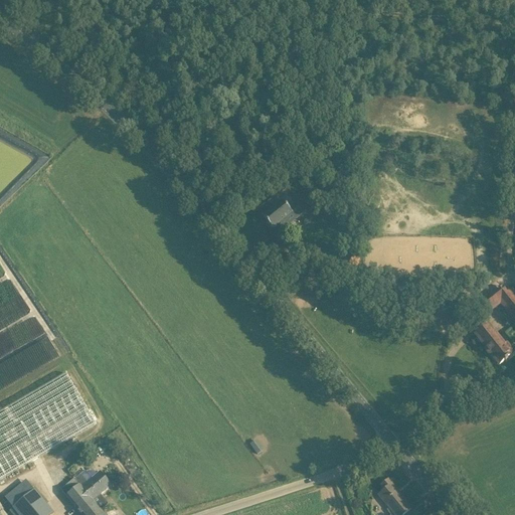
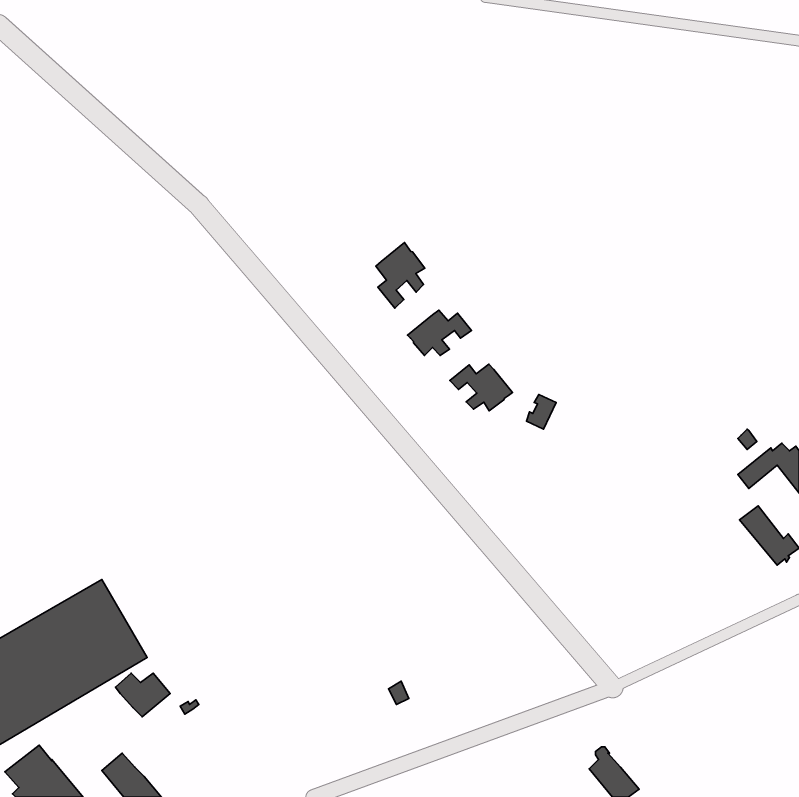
building: none -> [376,242,425,308]
building: none -> [450,364,513,411]
building: [75,471,111,499] -> [115,673,170,717]

